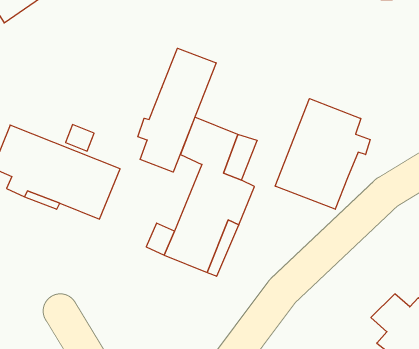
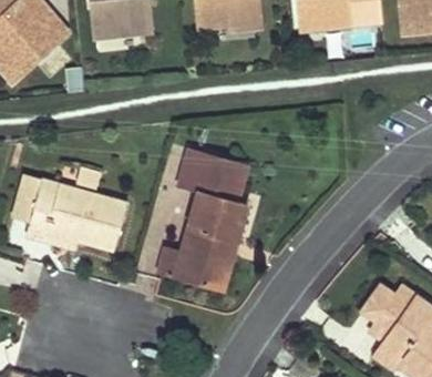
building: [138,48,216,172] -> none
building: [275,99,370,209] -> none

